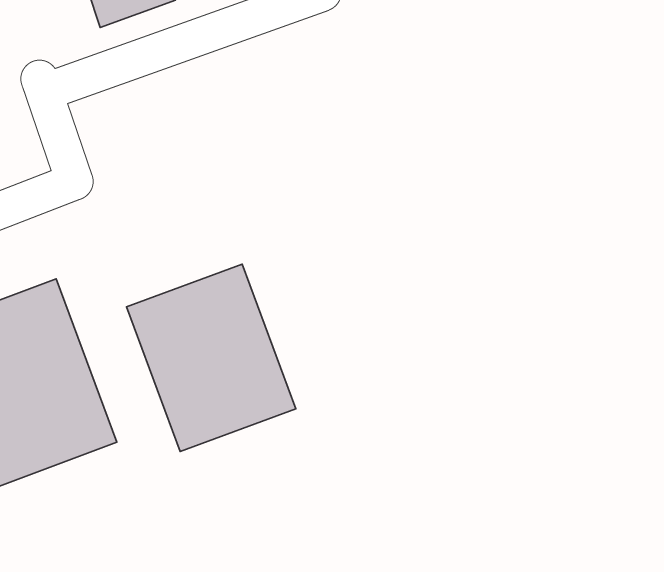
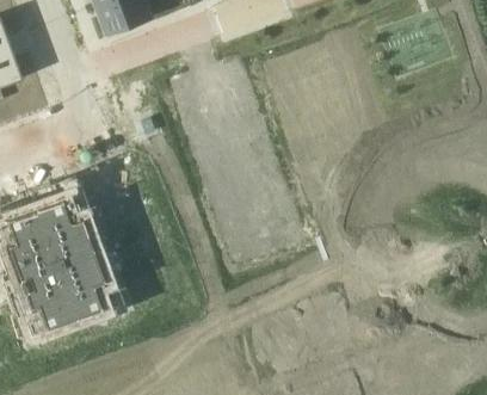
building: [126,264,296,451] -> none

